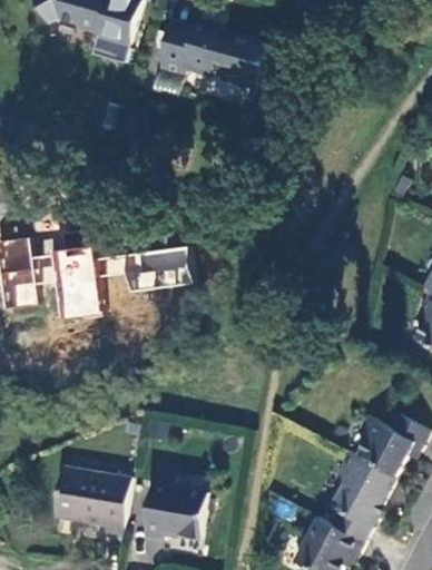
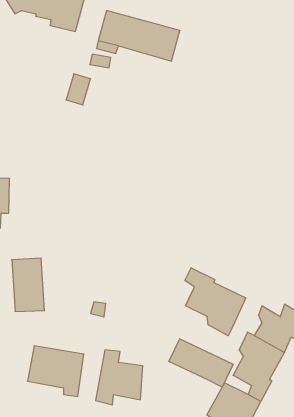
building: [43,250,87,321] -> [12,258,45,311]
building: [112,250,180,294] -> none
building: none -> [185,268,246,336]
building: none -> [169,339,233,387]

